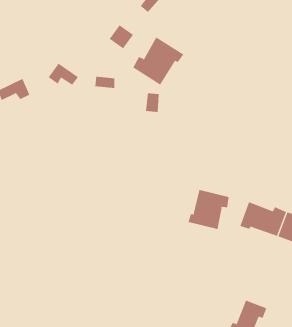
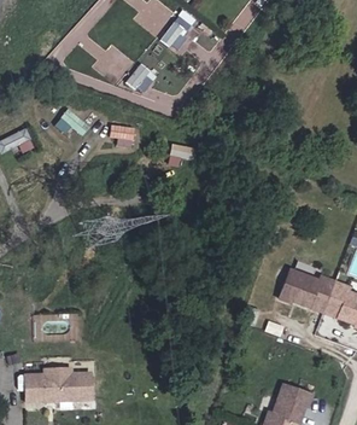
building: [132,37,184,85] -> none
building: [188,189,229,230] -> none
building: none -> [25,369,90,402]

